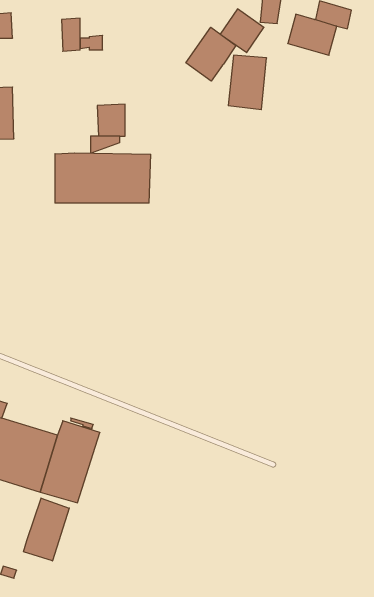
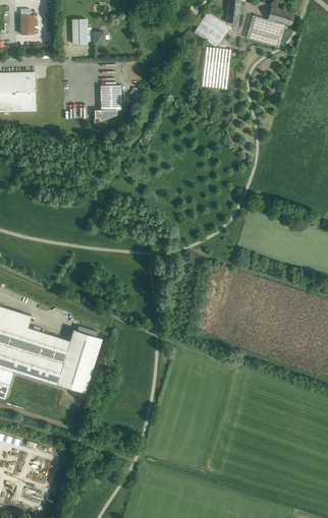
building: [186,27,236,81] -> none
building: [55,153,151,203] -> none
building: [24,498,69,561] -> none

